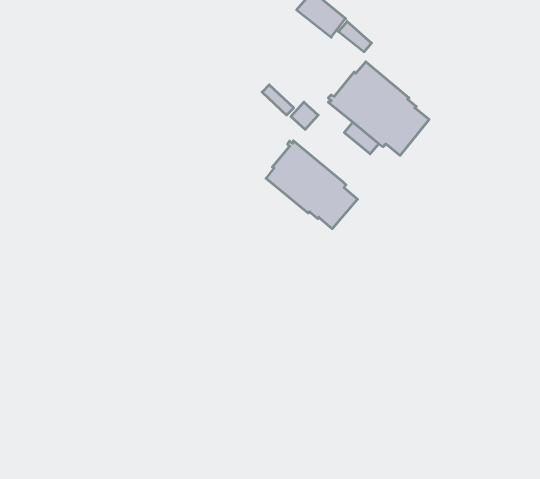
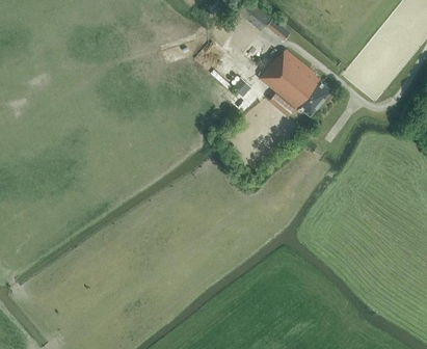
building: [266,141,358,229] -> none

